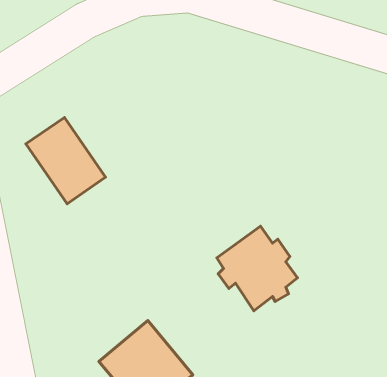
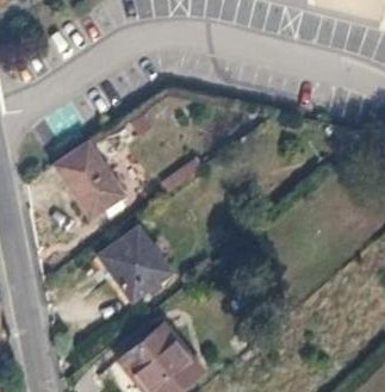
building: [217,226,298,311] -> [99,225,172,301]

